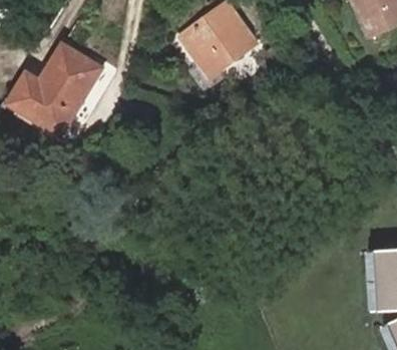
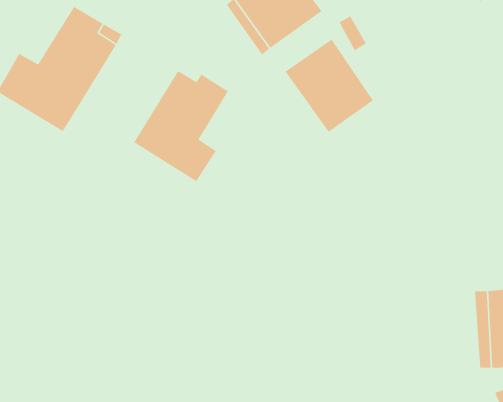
building: none -> [285,38,374,133]
building: none -> [133,70,229,182]

